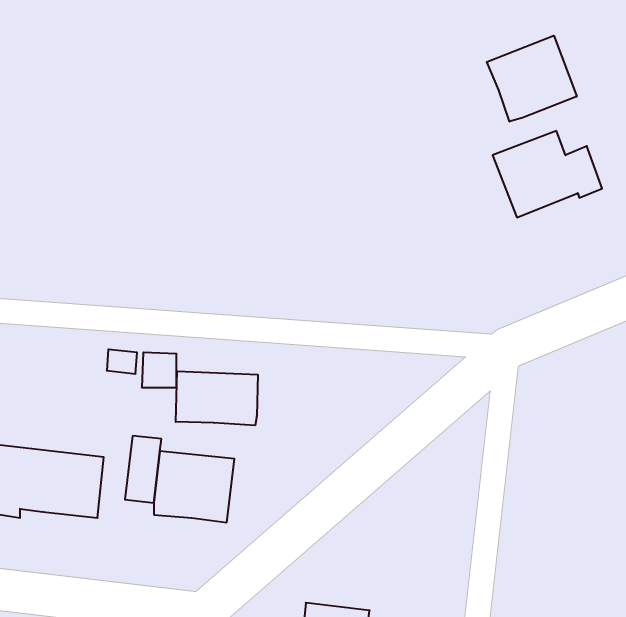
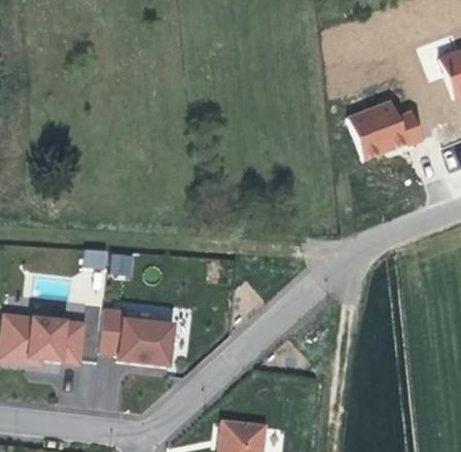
building: [487,36,577,122] -> none
building: [176,371,258,425] -> none

